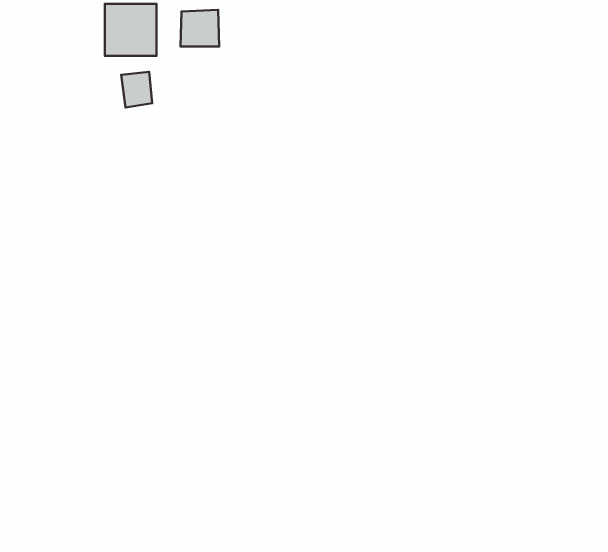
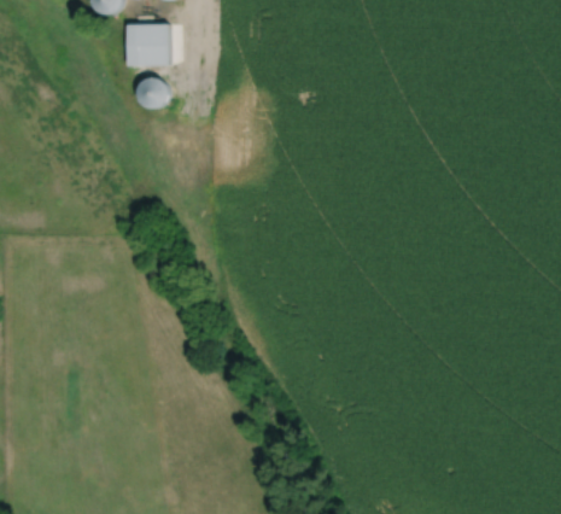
building: [180,10,219,46] -> none

